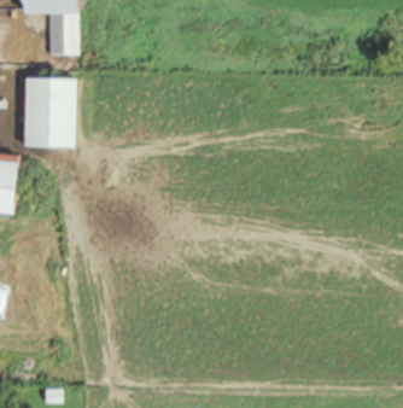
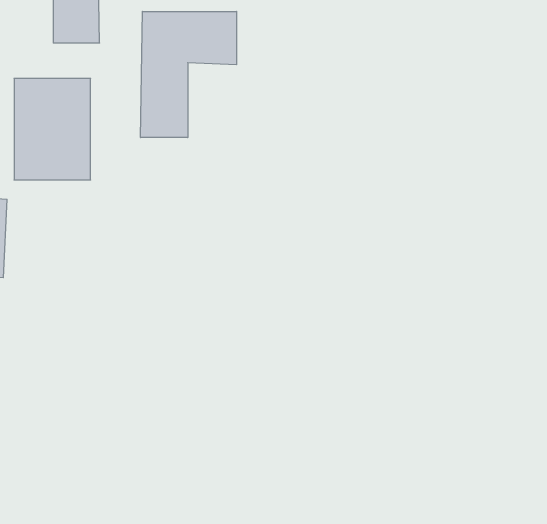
building: none -> [141,11,237,138]

